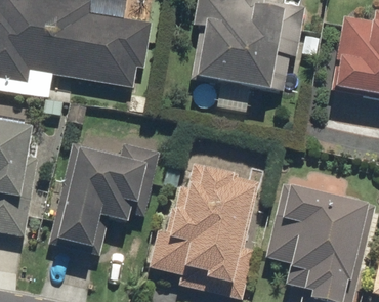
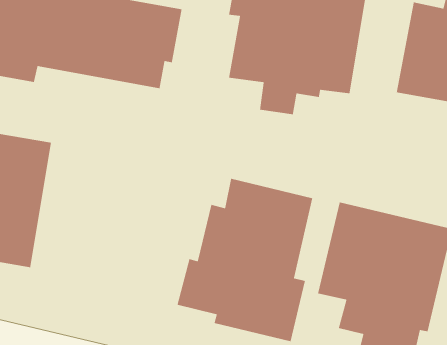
building: [48,140,162,250] -> none

